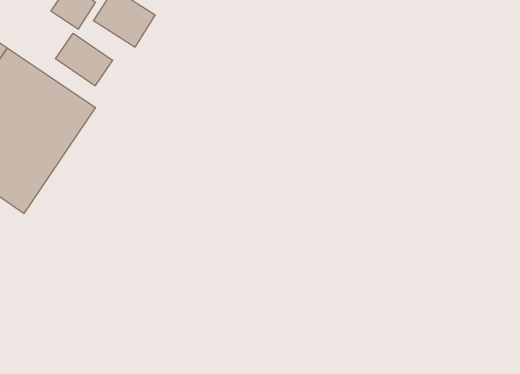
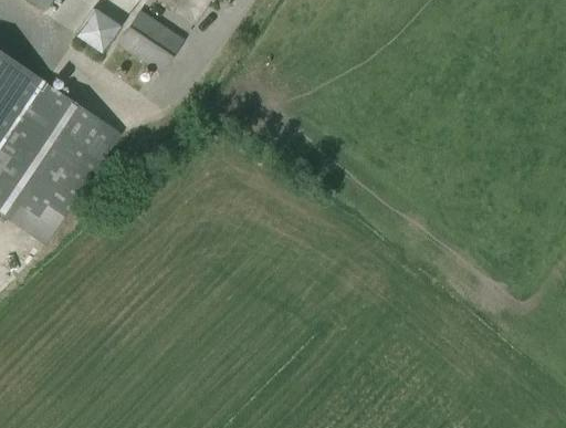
building: [56,33,113,86] -> none

